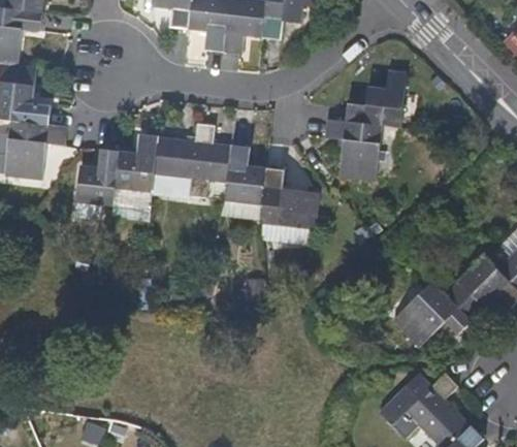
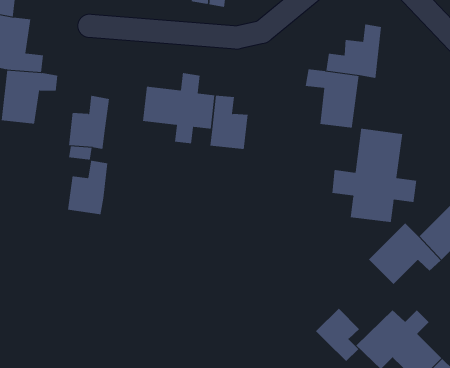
building: [114,134,157,192] -> [67,160,108,215]
building: [259,167,319,229] -> none
building: none -> [332,128,417,223]
building: none -> [315,308,360,362]

